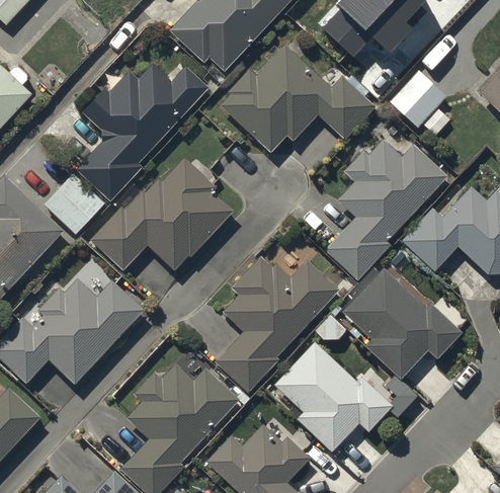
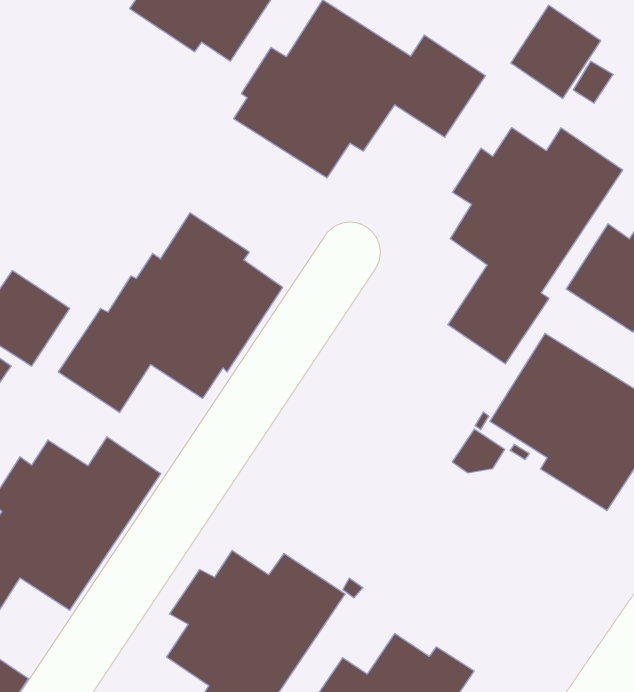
building: [78,65,210,198] -> none
building: [221,257,342,390] -> none
building: [275,343,395,450] -> none

